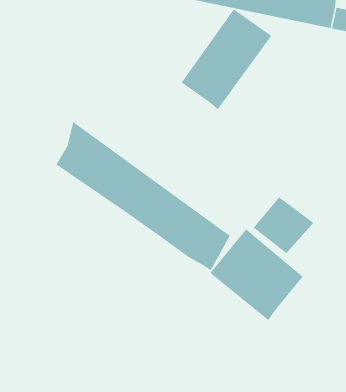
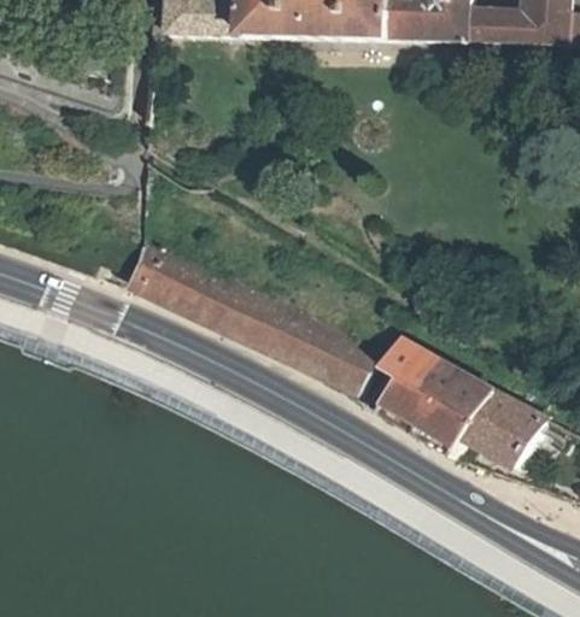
building: [181,8,272,110] -> none
building: [253,196,314,254] -> [462,384,544,460]

